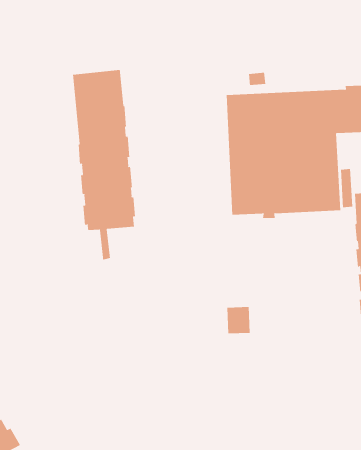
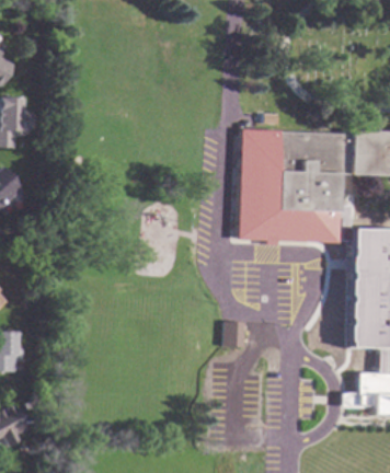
building: [73,69,136,260] -> none

